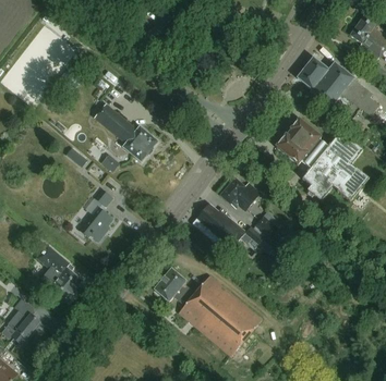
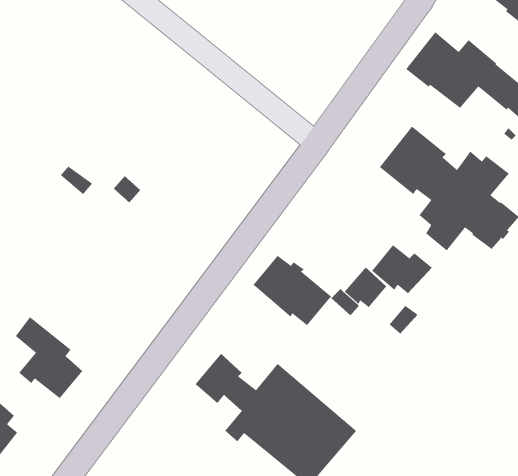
building: [95,102,159,162] -> none
building: [220,176,261,209] -> [371,244,433,294]
building: [80,187,116,241] -> none

